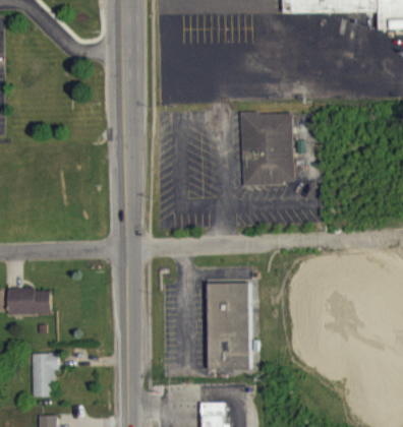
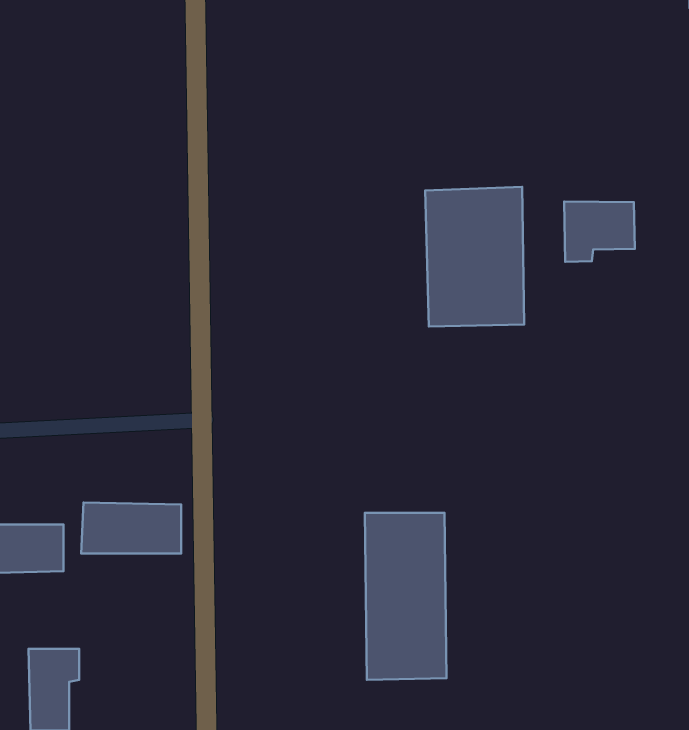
building: none -> [564,201,635,262]
building: none -> [81,503,181,553]

